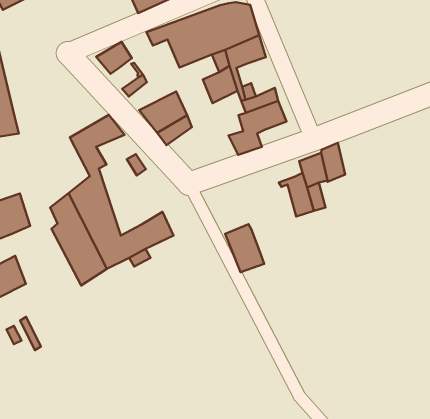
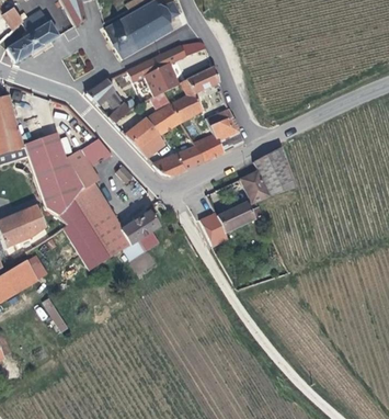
building: none -> [150,104,179,133]
building: none -> [27,133,89,212]
building: none -> [152,145,202,175]
building: none -> [216,203,263,235]

